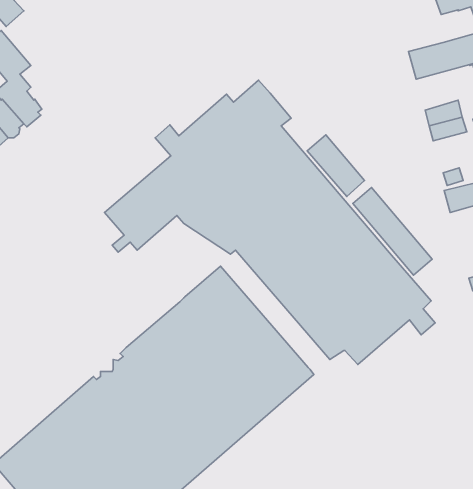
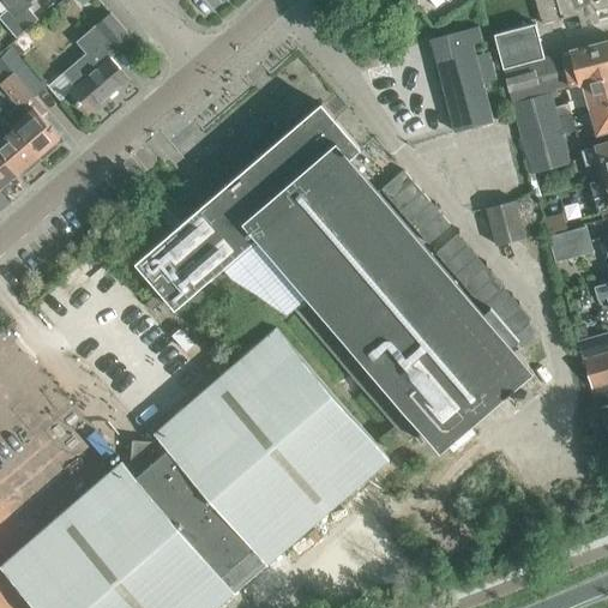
building: none -> [64,14,132,115]
building: none -> [494,24,544,70]
building: none -> [429,28,493,133]
building: none -> [512,92,572,140]
building: none -> [487,199,526,243]

